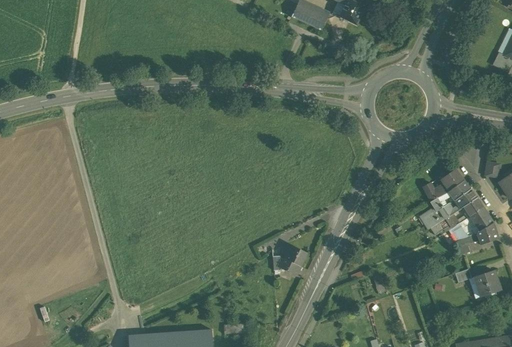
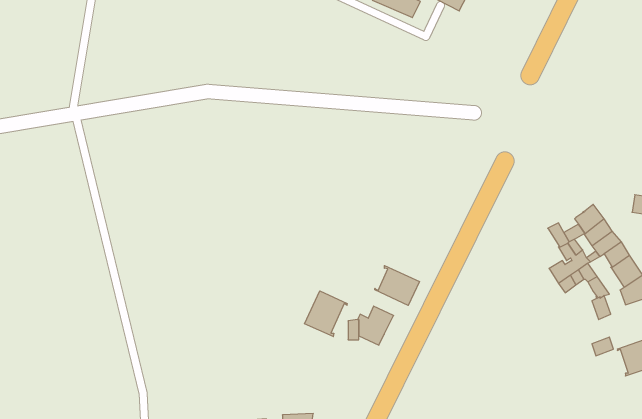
building: none -> [375,266,419,305]
building: none -> [305,291,347,337]

